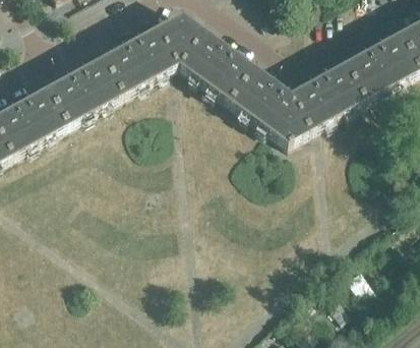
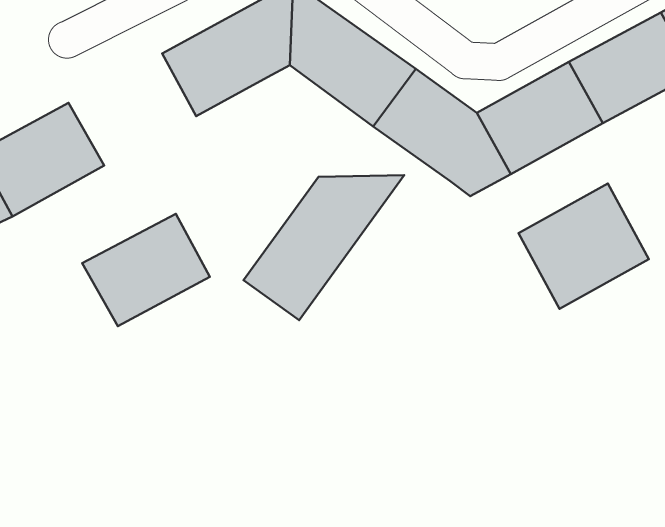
building: [46,56,122,123] -> [82,214,210,326]
building: none -> [244,175,404,320]
building: none -> [518,183,649,309]

